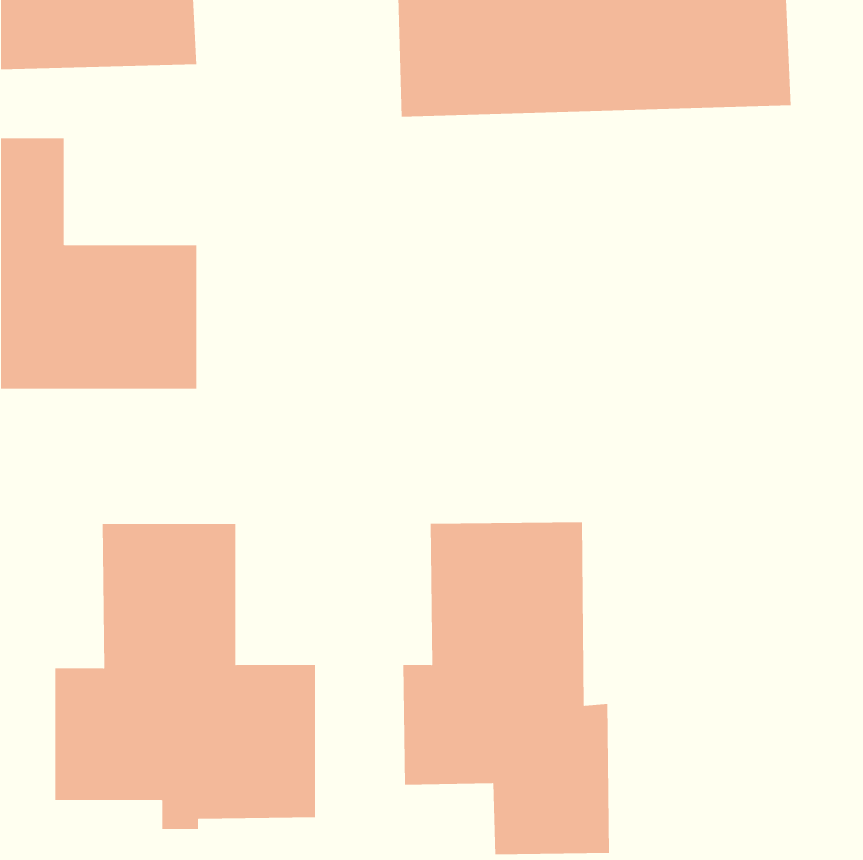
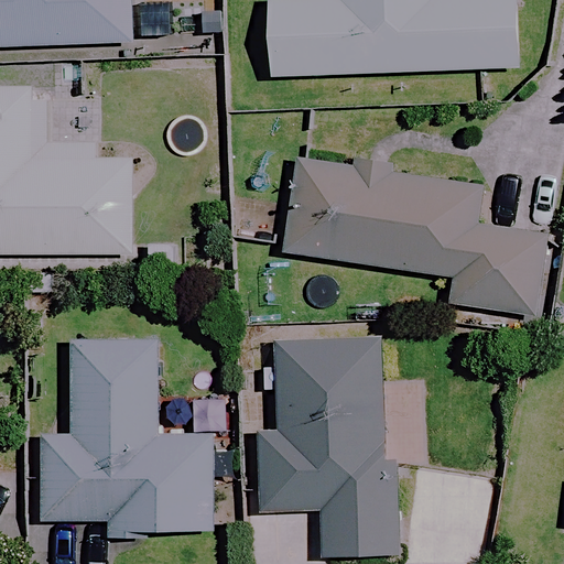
building: none -> [285,161,547,315]

